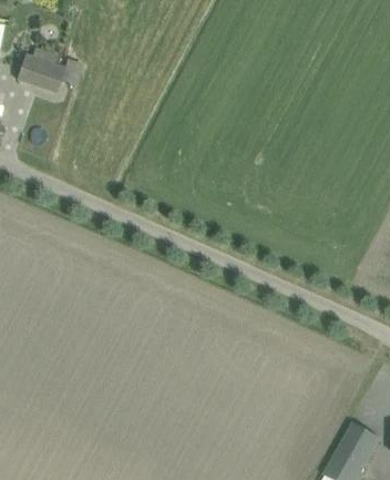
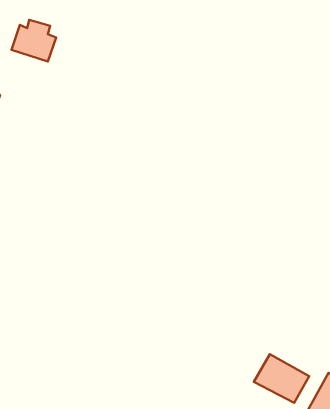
building: none -> [254,354,309,403]

